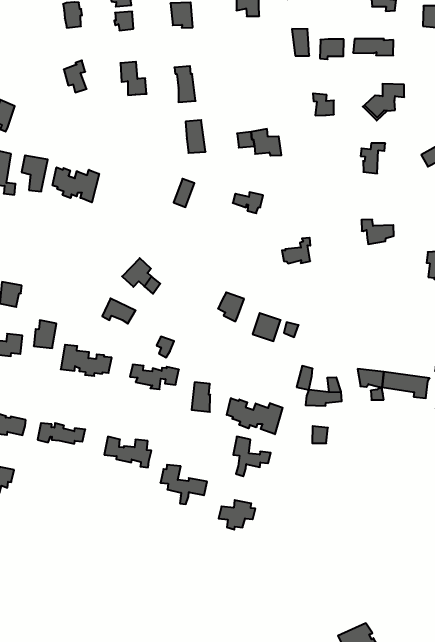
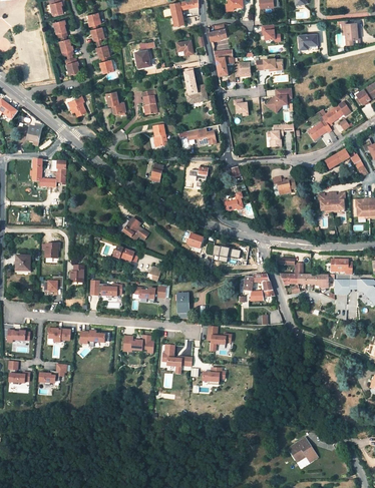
building: none -> [182,67,207,104]
building: [53,167,99,202] -> none
building: [227,398,283,434] -> none

